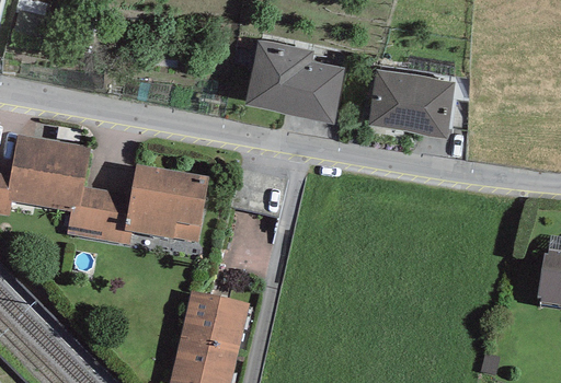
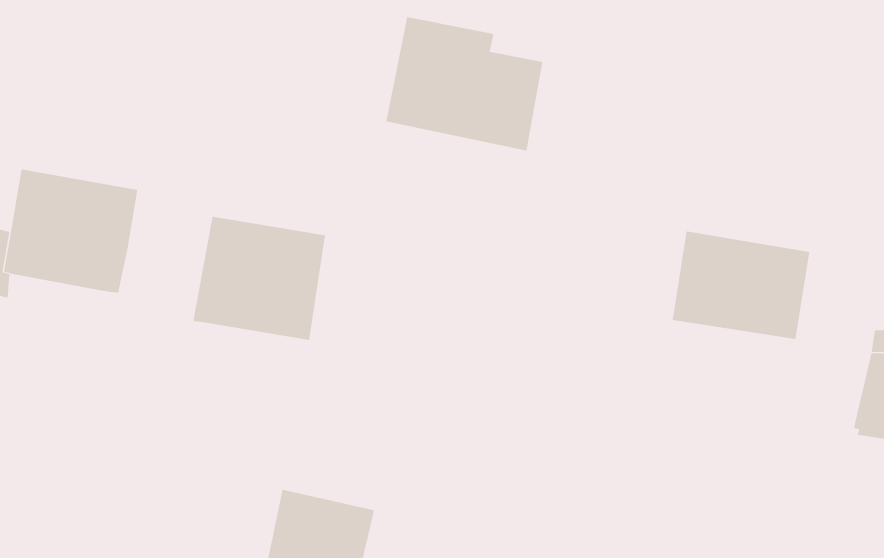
building: [368,69,455,137] -> [672,231,810,339]
building: [67,186,133,244] -> none
building: [181,290,249,348] -> none

